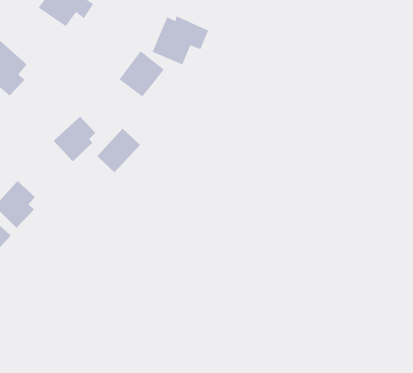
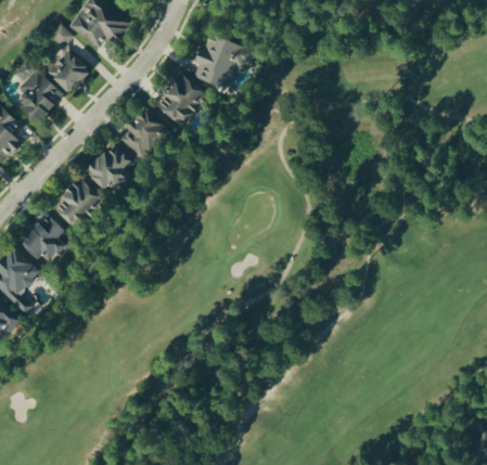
building: none -> [47,24,90,93]
building: [96,128,141,173] -> [119,108,167,157]
building: none -> [53,177,100,231]

